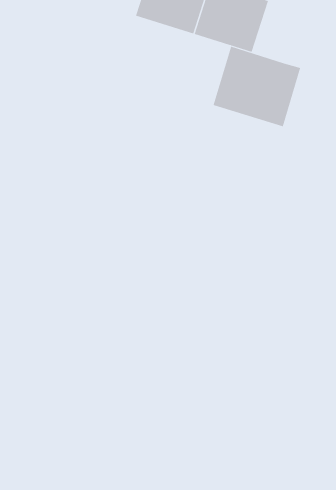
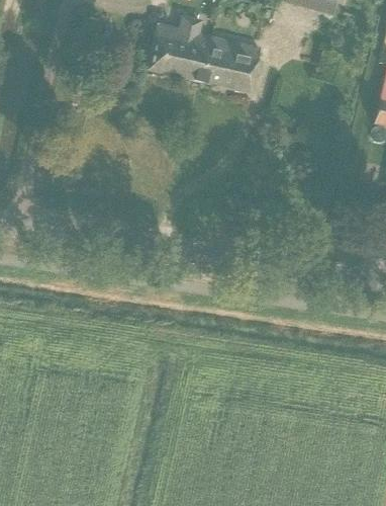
building: [213,46,301,127] -> none

